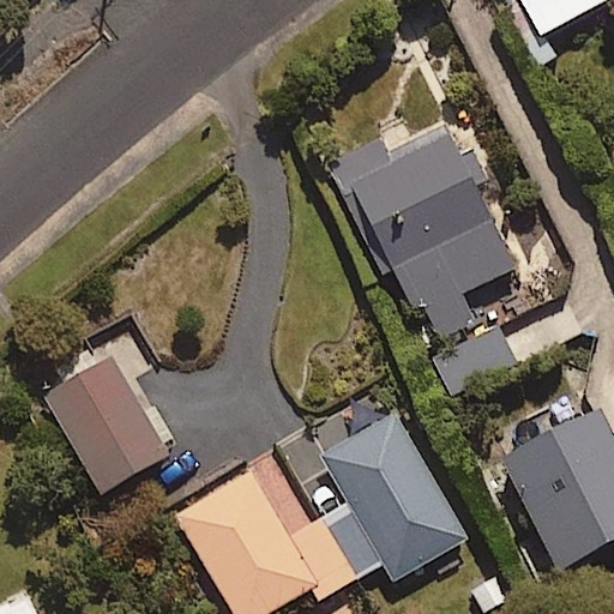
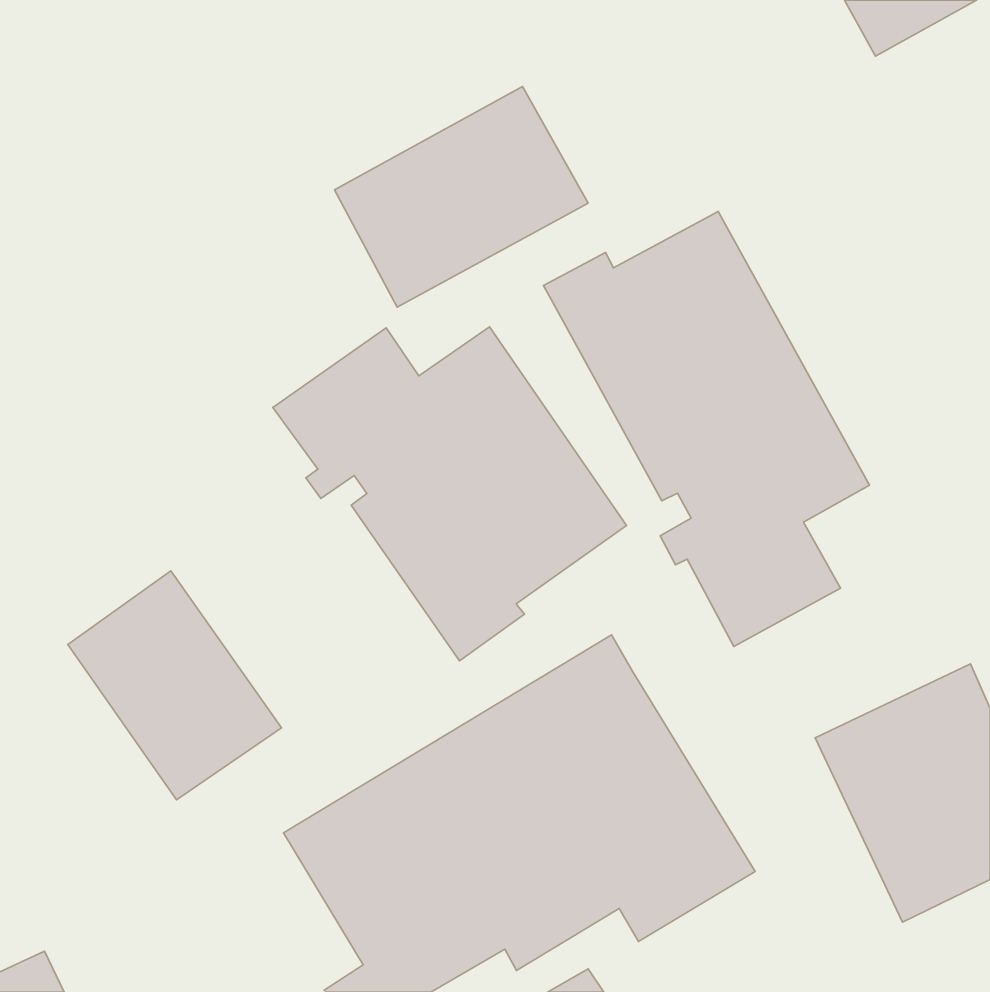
building: none -> [334,86,588,307]
building: none -> [273,327,627,661]

